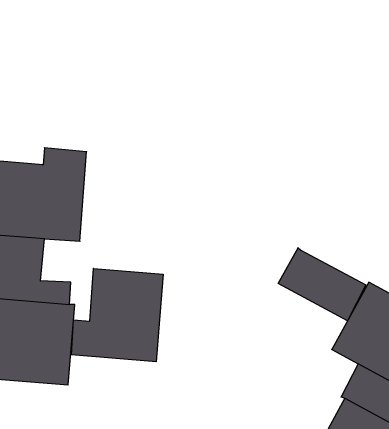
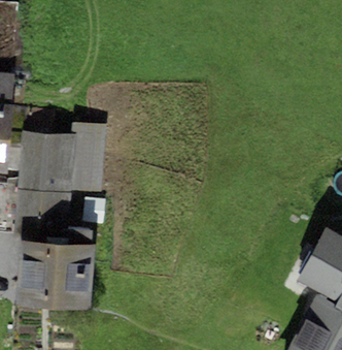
building: [278,248,366,321] -> none
building: [71,268,163,362] -> none

